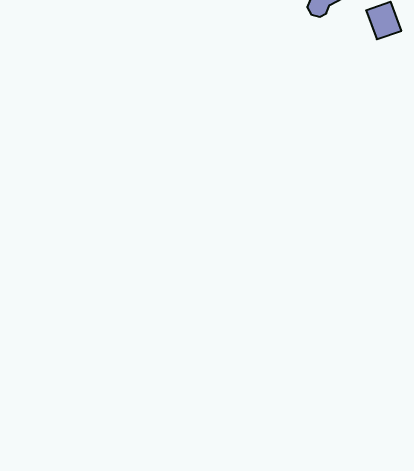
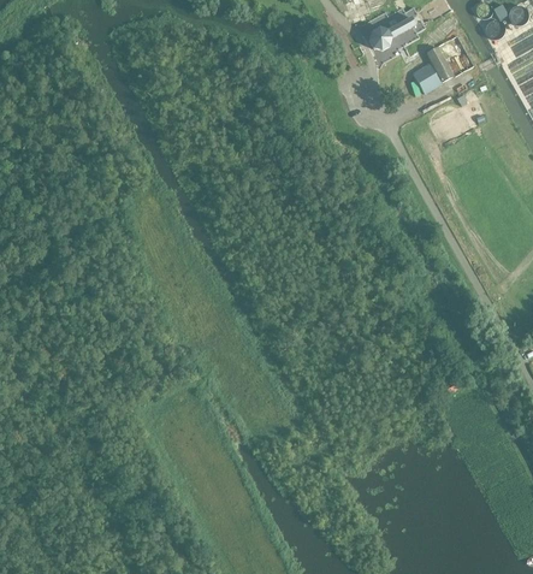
building: none -> [413,61,443,93]

